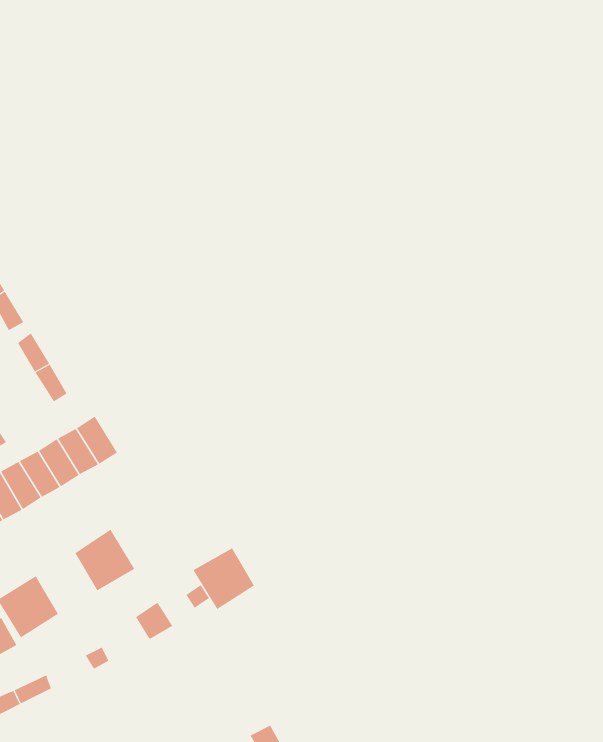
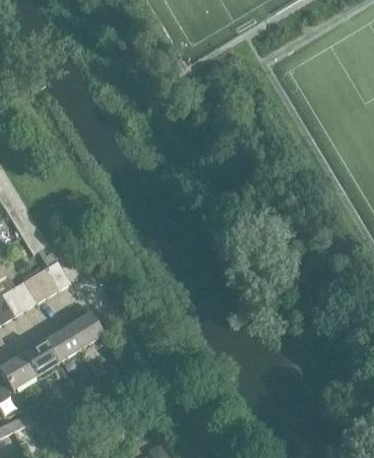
building: [193,547,255,610] -> [66,313,103,350]
building: none -> [22,341,58,377]

